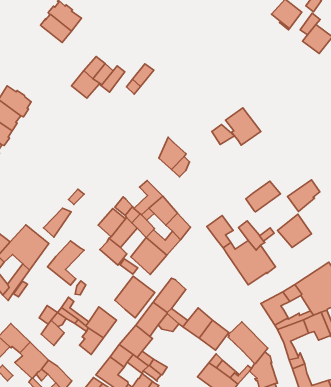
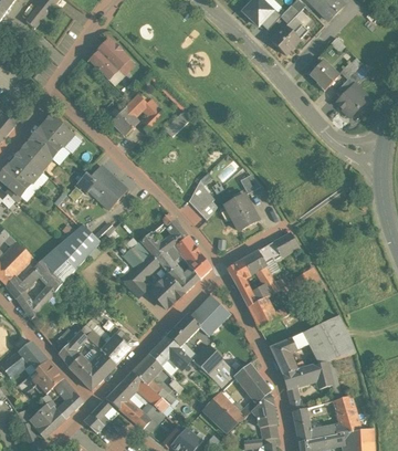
building: [226,108,261,145] -> [227,193,259,229]
building: none -> [77,166,127,209]
building: [288,180,320,212] -> [242,247,273,275]
building: [48,241,84,285] -> [55,227,92,269]
building: [115,276,155,318] -> [191,295,230,335]
building: none -> [70,354,104,390]

